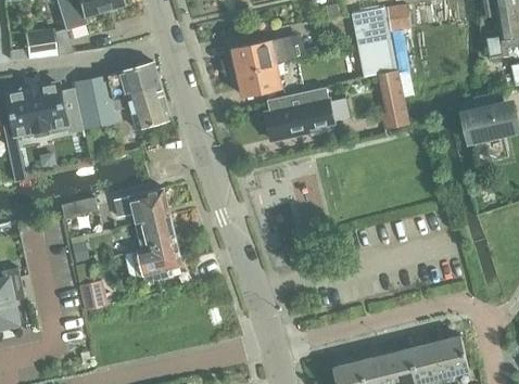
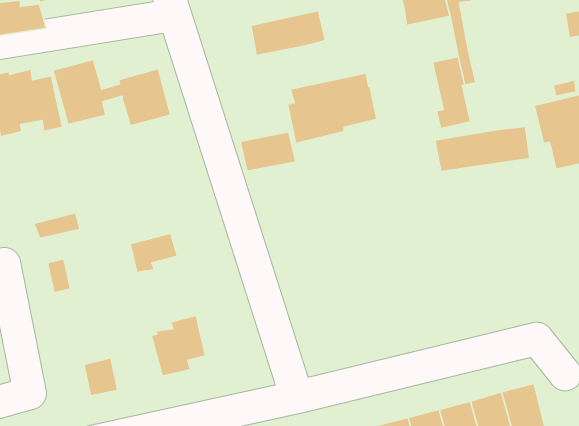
building: [358,40,400,78] -> none
building: [107,63,159,99] -> none
building: [238,64,282,95] -> [240,132,296,171]
building: none -> [435,127,530,172]
building: [115,188,169,222] -> none
building: [139,232,182,281] -> [151,315,205,376]
building: [79,279,106,309] -> [84,358,118,396]

